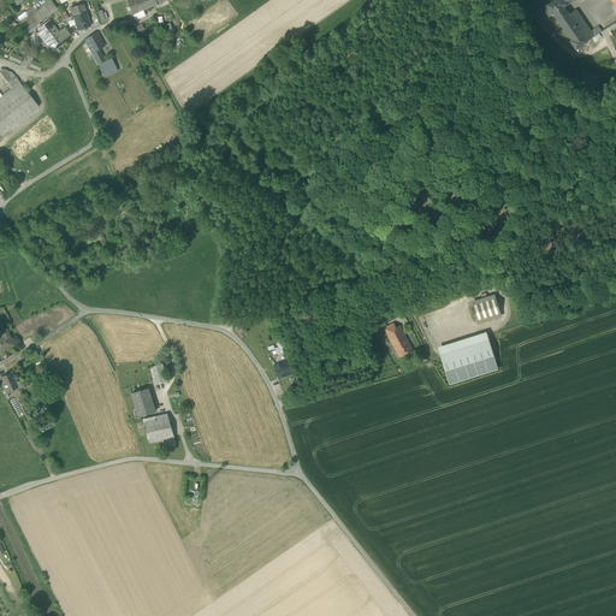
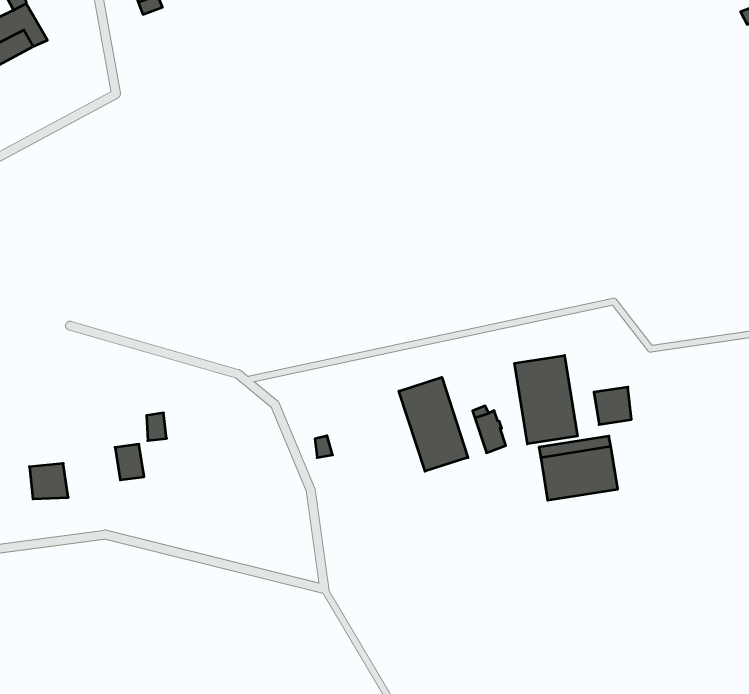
building: none -> [515,355,577,444]
building: none -> [399,377,468,471]
building: [143,413,174,442] -> [29,463,68,499]

